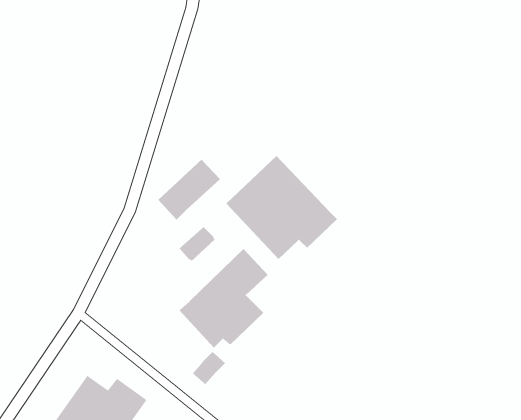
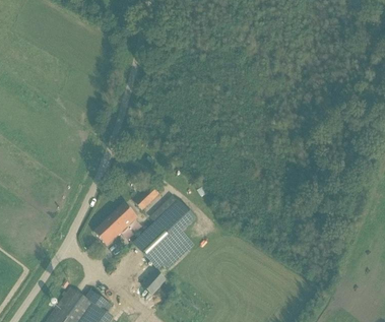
building: [226,155,338,260] -> none
building: [157,159,221,221] -> [94,203,138,246]

